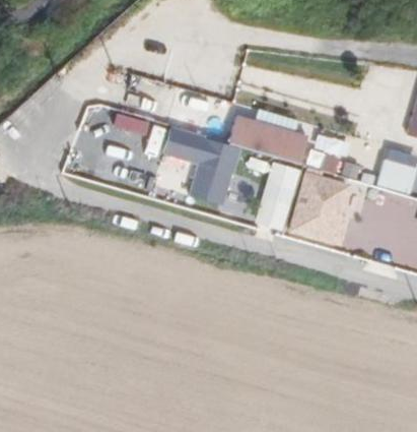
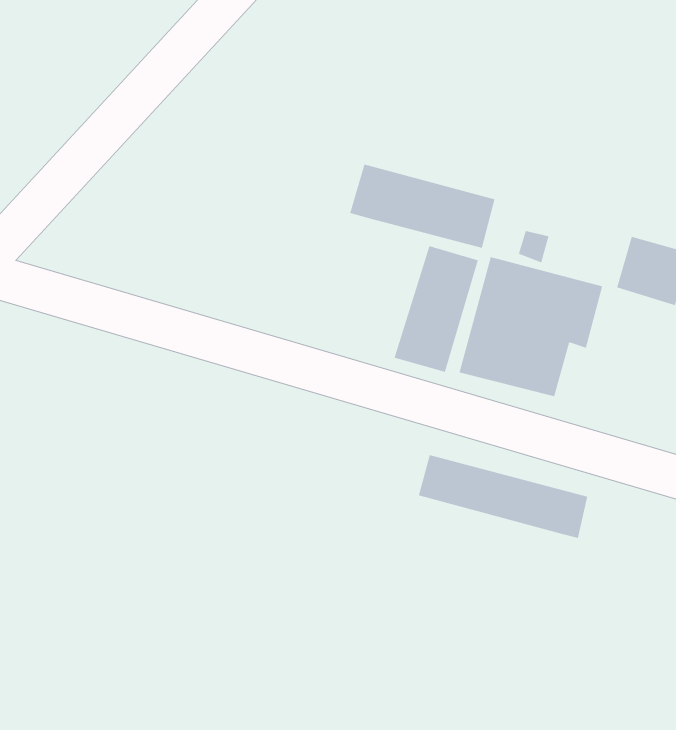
building: [164,127,239,204] -> none
building: none -> [418,454,588,539]

